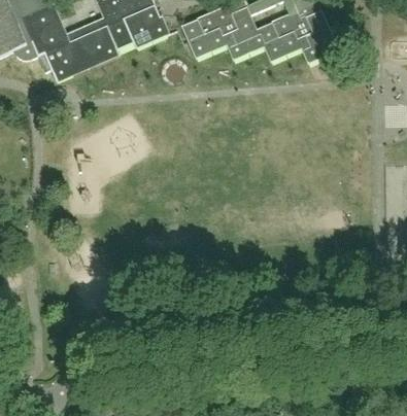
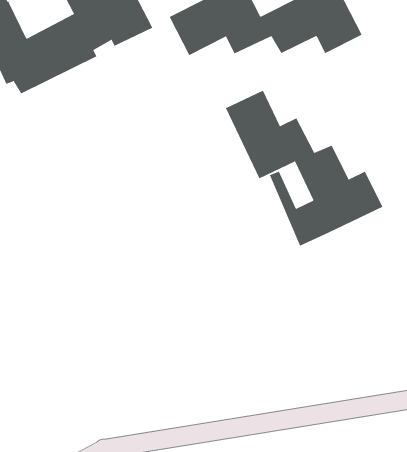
building: none -> [225,90,383,246]

